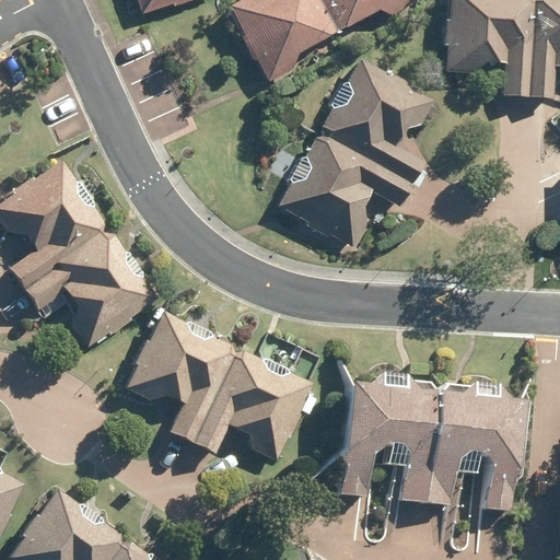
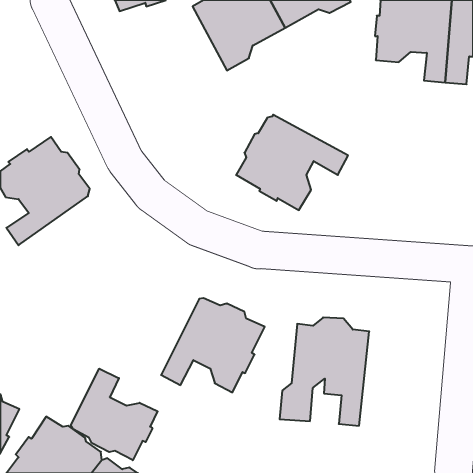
building: [323,60,434,184] -> none
building: [22,232,156,348] -> none
building: [125,313,235,443] -> none
building: [424,384,526,513] -> none
building: none -> [71,369,158,460]

